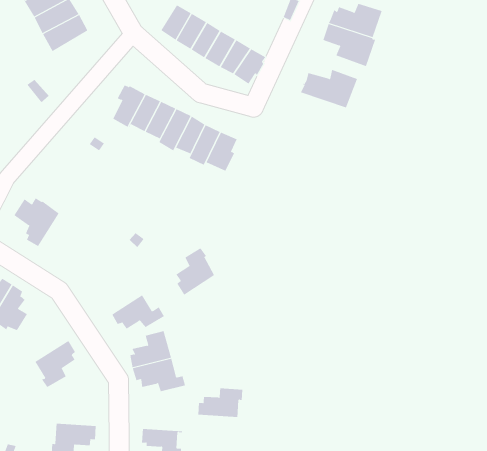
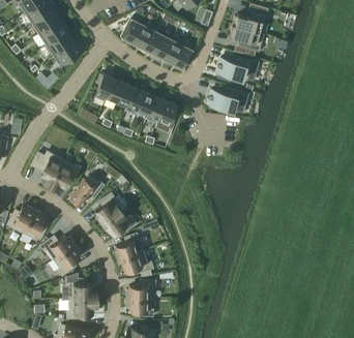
building: none -> [52,39,84,65]
building: none -> [208,86,249,113]
building: none -> [51,160,81,187]
building: none -> [70,176,104,206]
building: [176,247,215,295] -> [95,192,121,224]
building: none -> [40,235,75,258]
building: [197,388,243,417] -> [126,279,155,298]
building: none -> [66,278,96,298]

